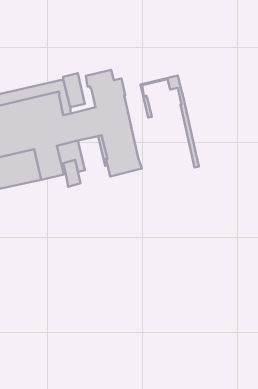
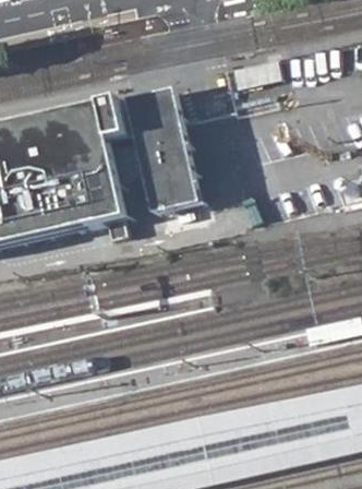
building: [140,76,199,167] -> [122,85,195,200]

